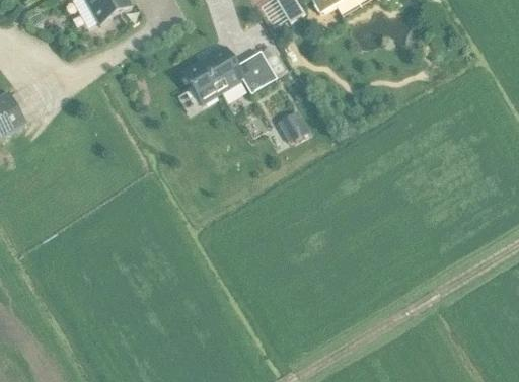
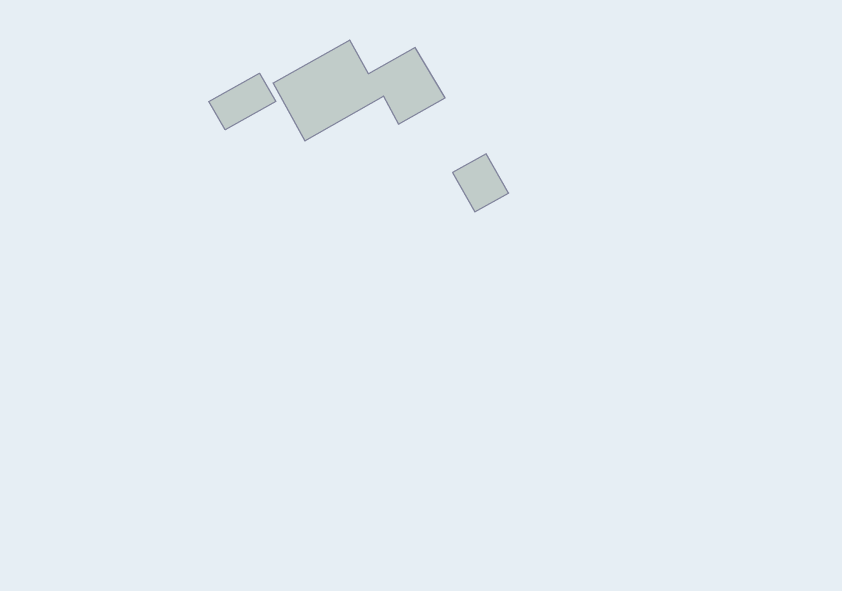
building: none -> [209,73,276,130]

